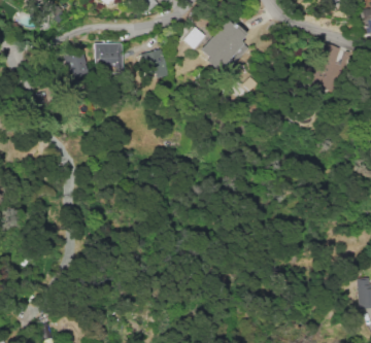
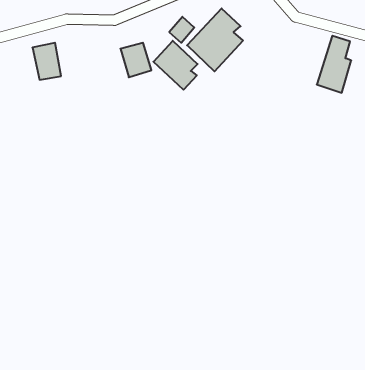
building: [96,42,123,70] -> none
building: none -> [153,41,198,90]

